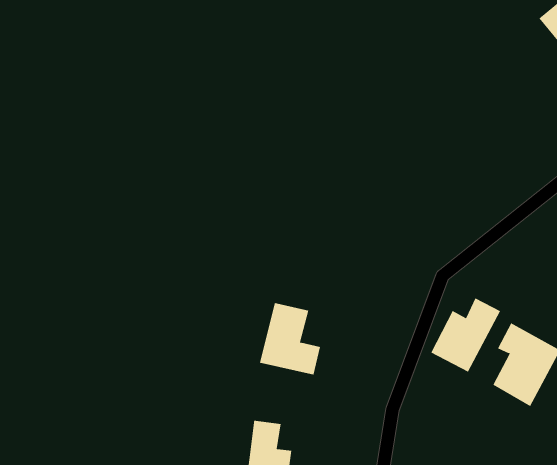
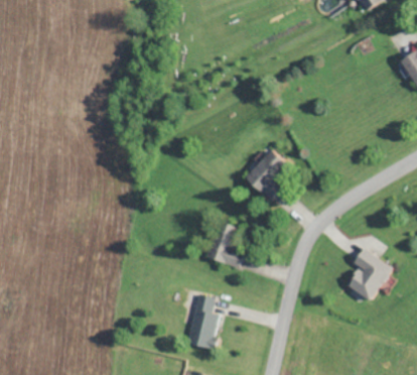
building: none -> [245,149,289,201]
building: [431,298,501,372] -> none

